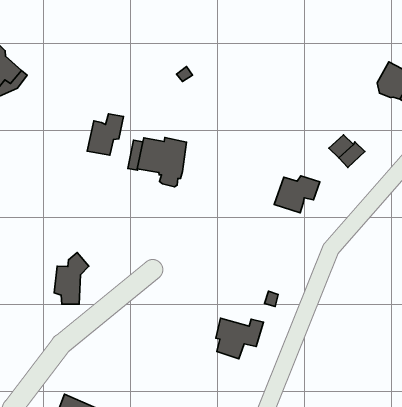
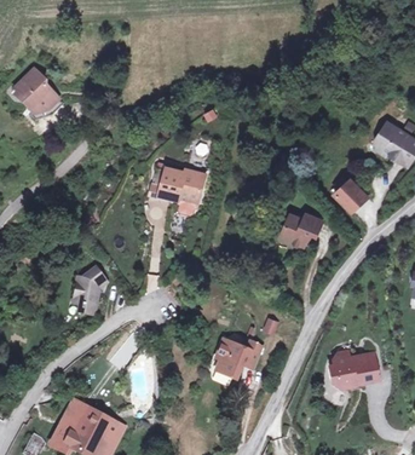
building: [87,114,123,155] -> none
building: none -> [328,349,375,386]

